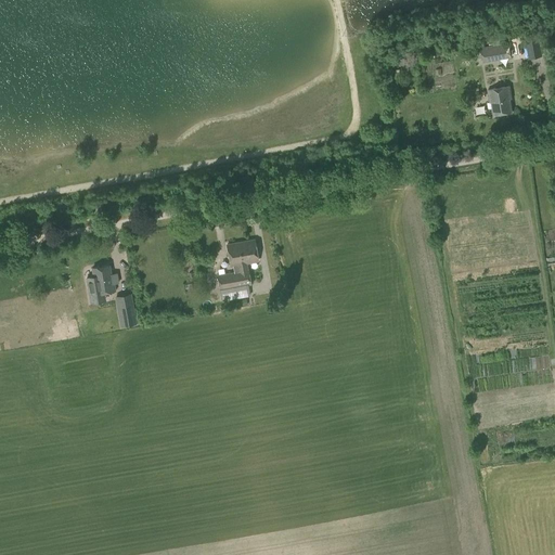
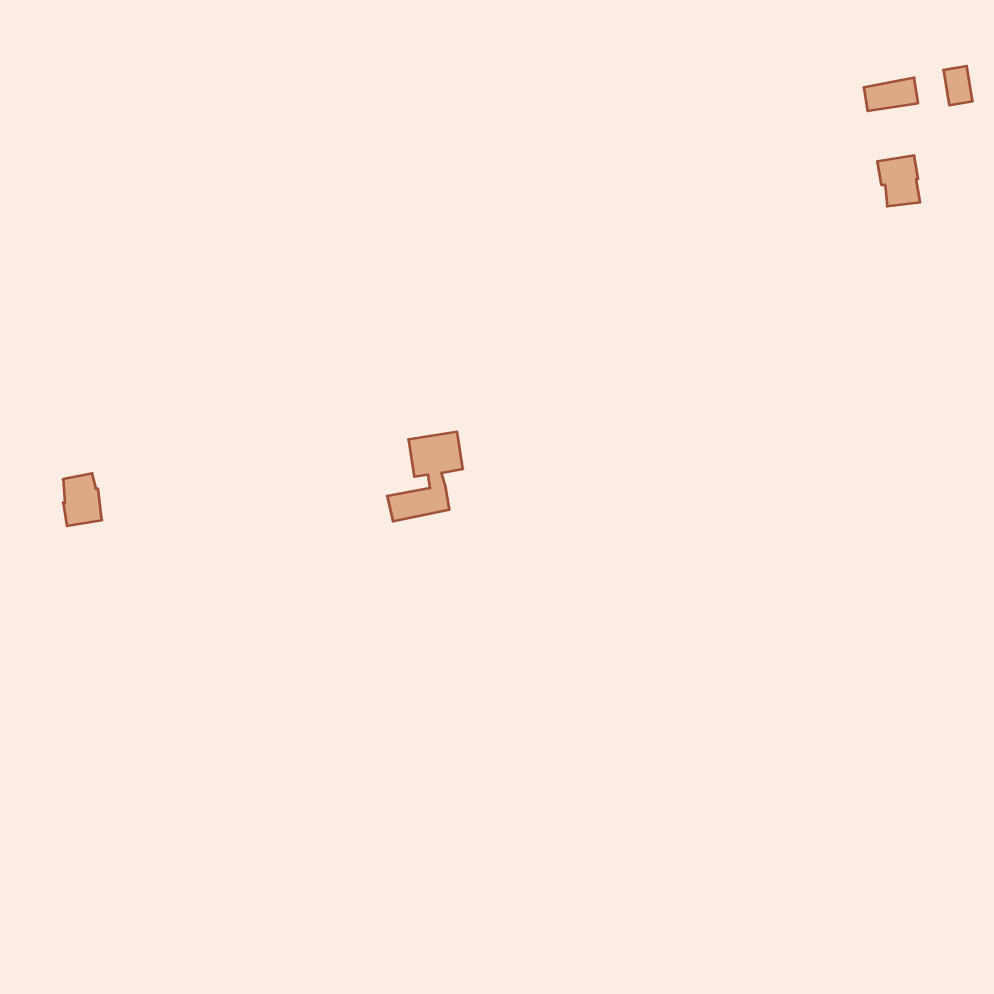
building: [92,264,114,294] -> [63,473,102,526]
building: [115,294,137,326] -> none

